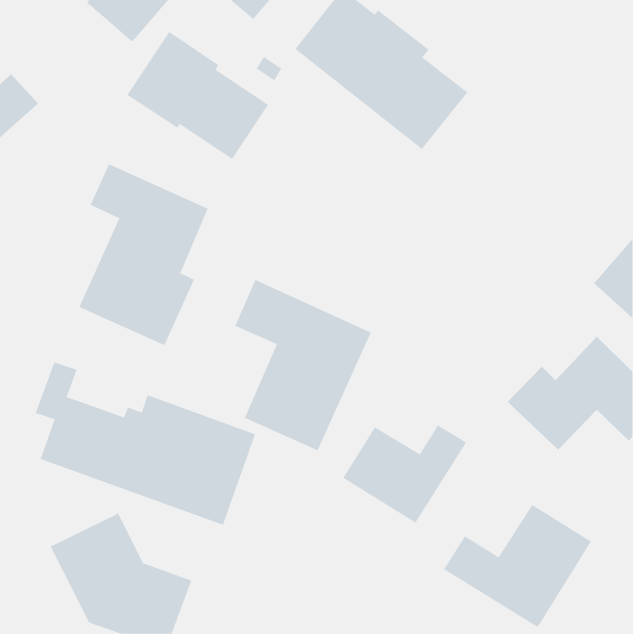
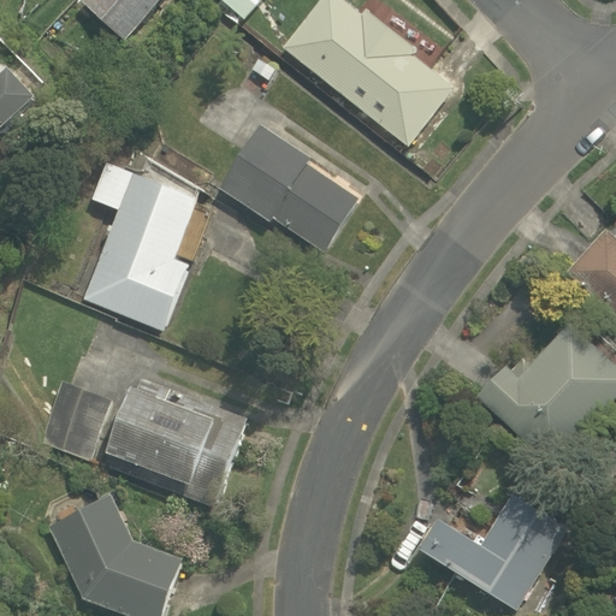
building: [126,31,269,160] -> [219,125,356,249]
building: [234,279,372,451] -> none
building: [343,424,467,524] -> none

